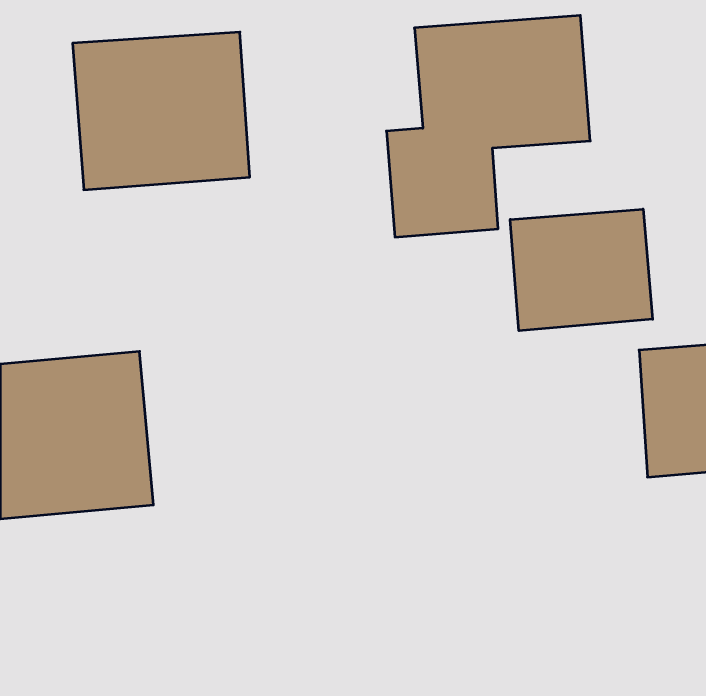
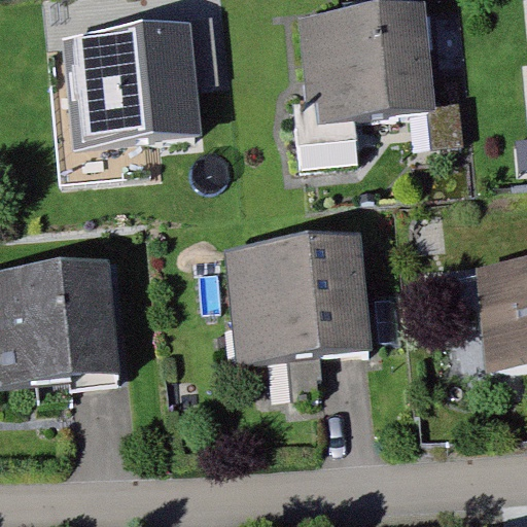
building: [510,209,653,331] -> none
building: none -> [223,235,367,352]

